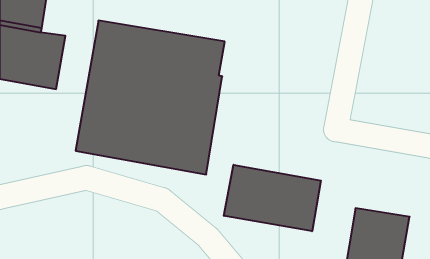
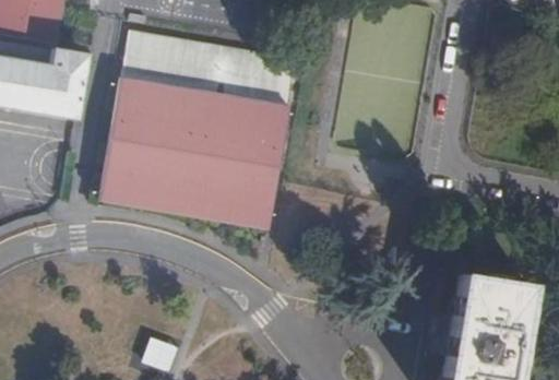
building: [224,165,321,231] -> none

